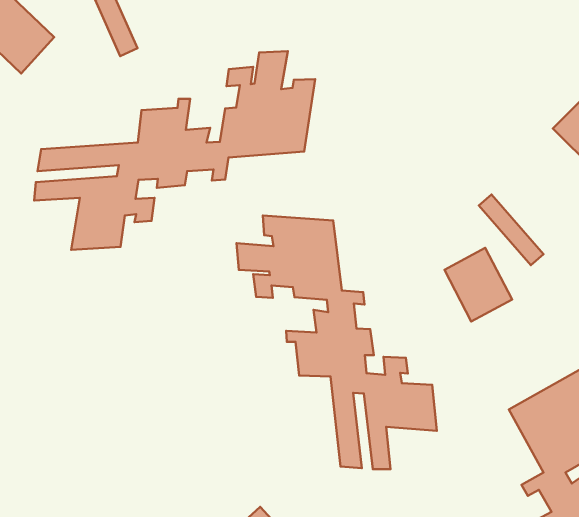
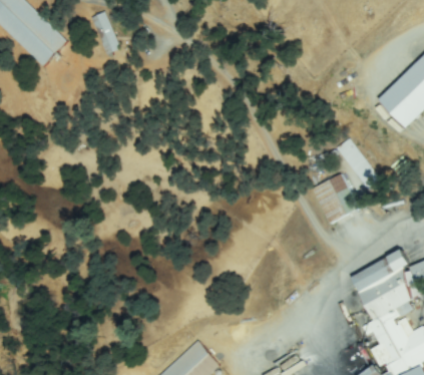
building: [34,51,315,250] -> none
building: [237,215,437,469] -> none

